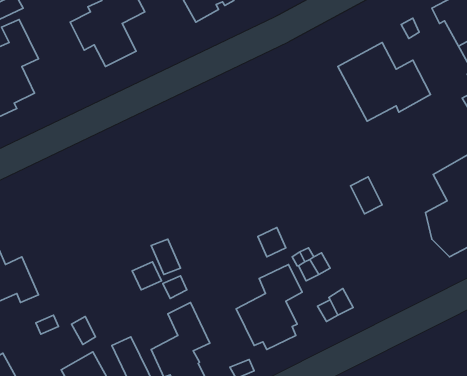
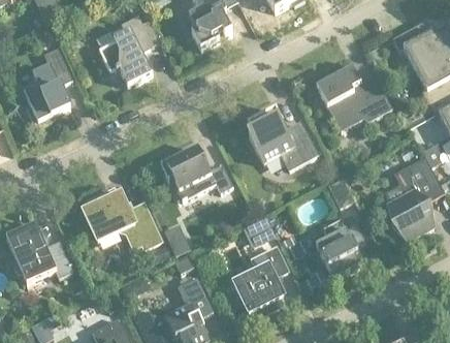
building: none -> [247,106,316,167]
building: none -> [160,147,232,199]
building: none -> [83,187,160,247]
building: none -> [315,213,362,278]

